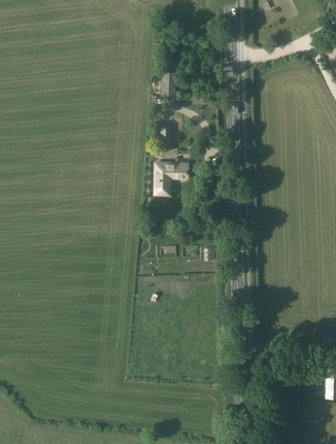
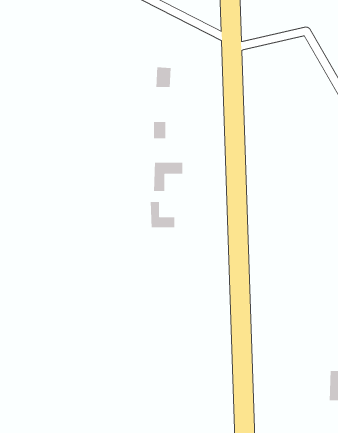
building: none -> [150,201,175,228]

